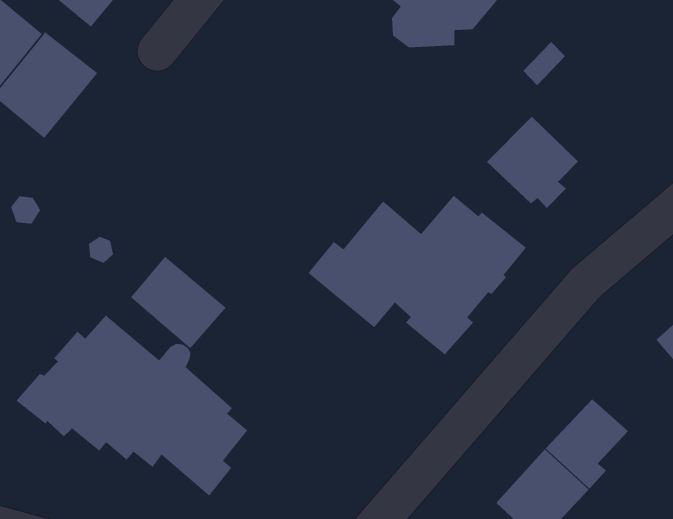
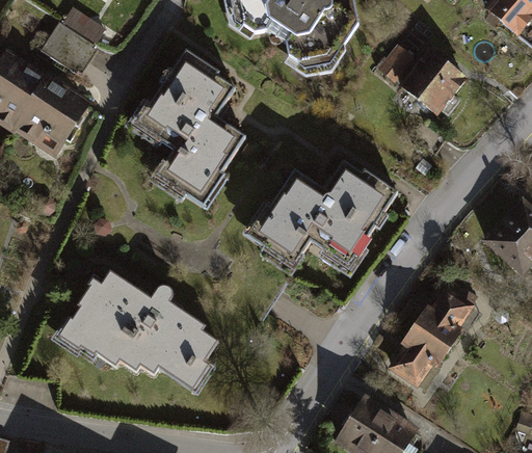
building: none -> [127,50,244,202]
building: [486,116,579,209] -> [400,50,464,113]
building: [130,256,226,349] -> none

